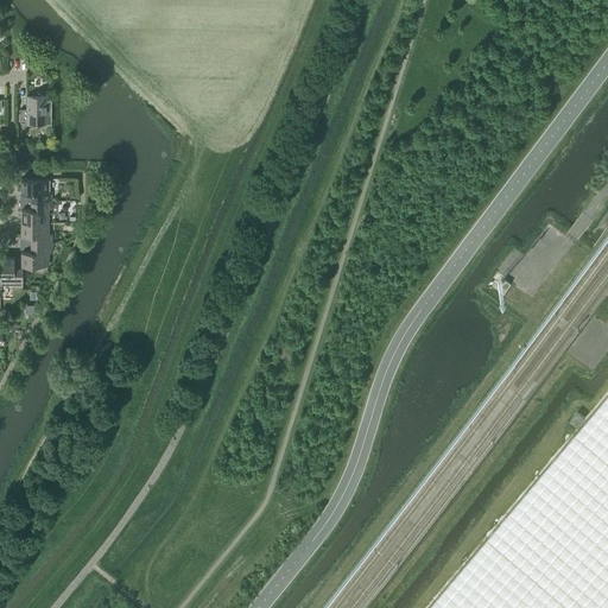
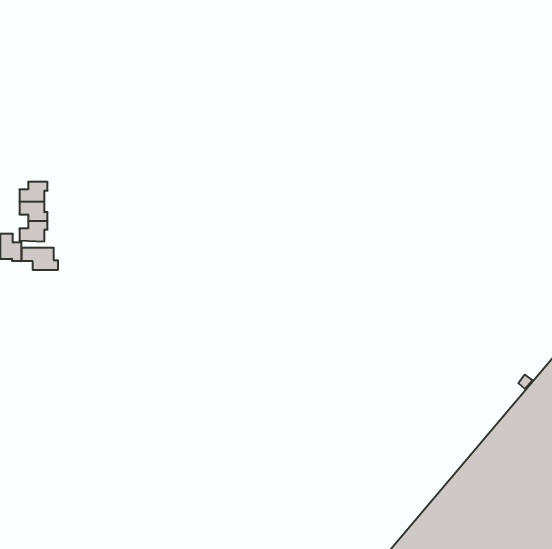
building: [21,100,52,127] -> none
building: [23,182,53,204] -> none
building: none -> [22,248,58,270]

